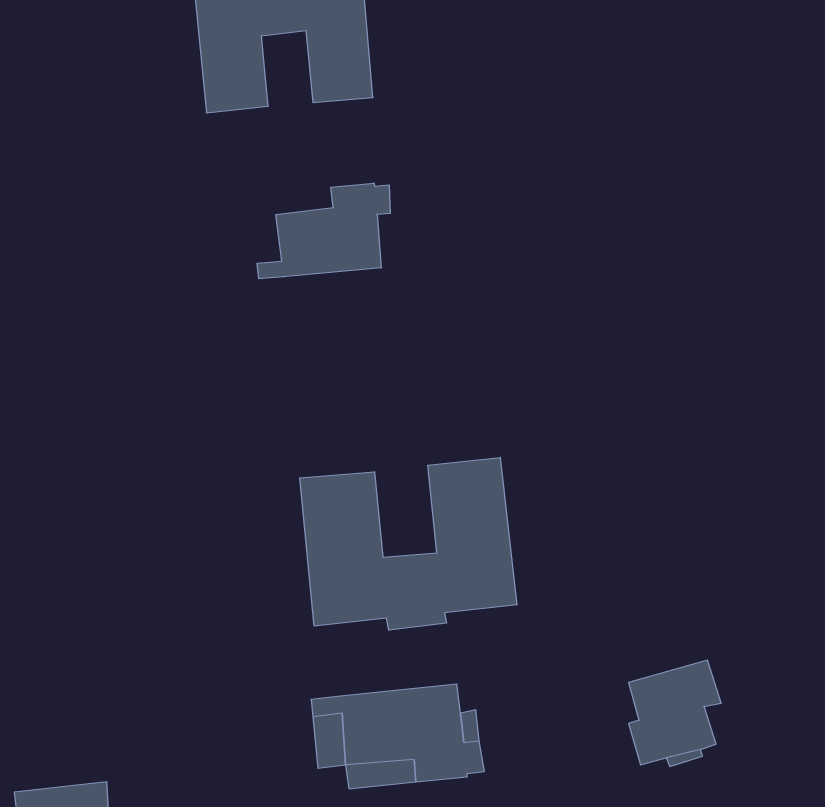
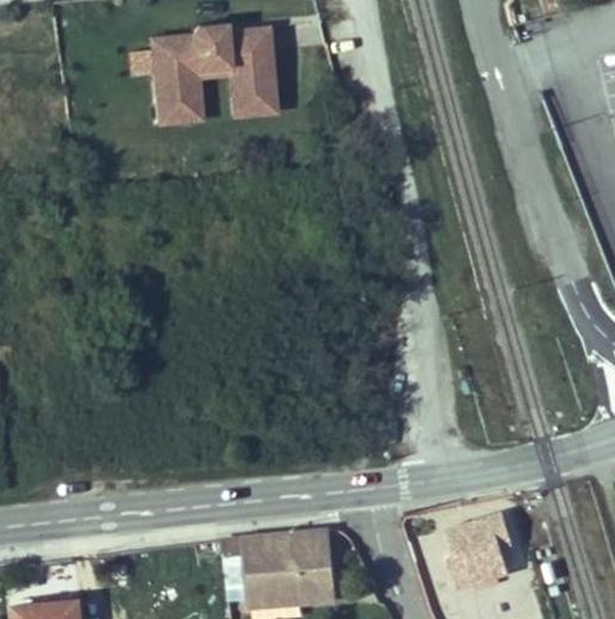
building: [257,183,390,279] -> none
building: [300,457,517,630] -> none

